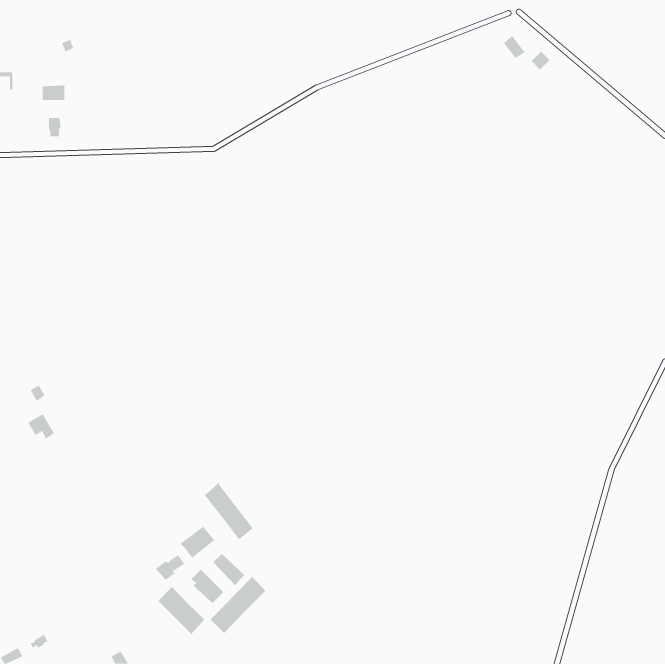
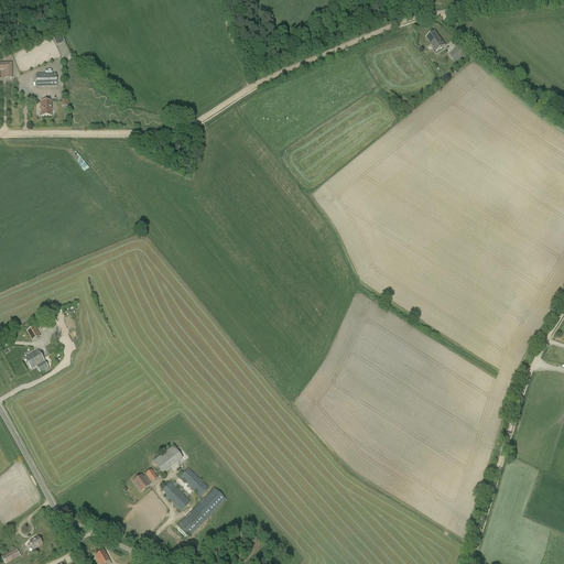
building: [204,482,254,540] -> none
building: [157,586,205,635] -> none

